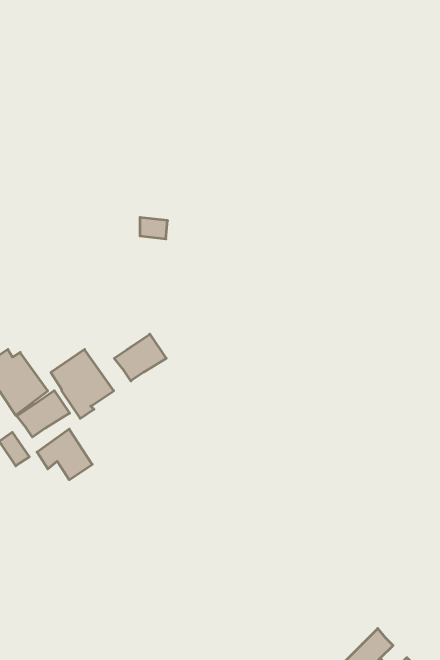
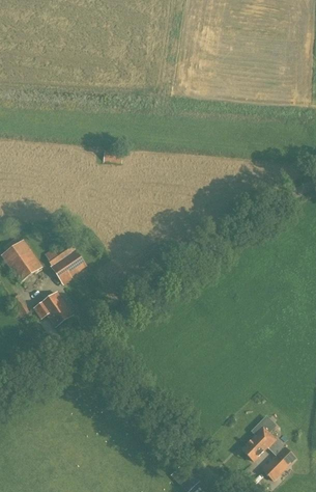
building: [114,334,166,381] -> none
building: [17,391,70,437] -> none

